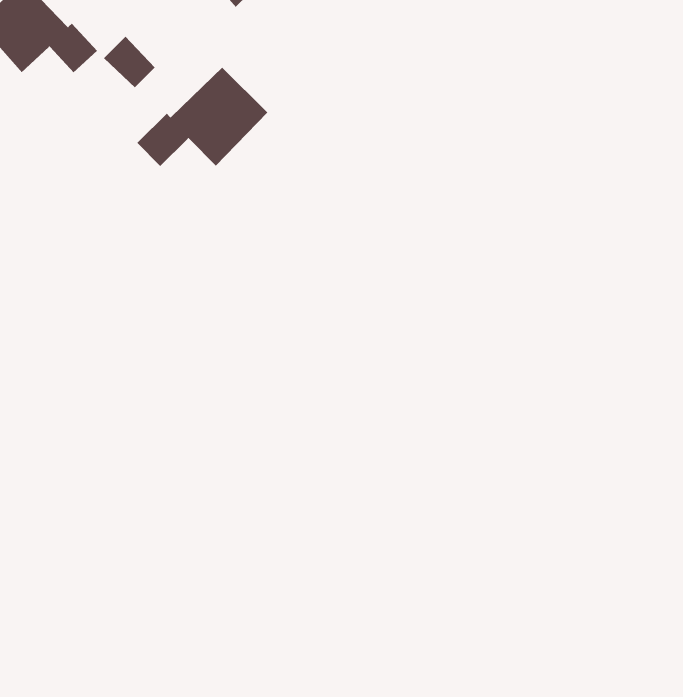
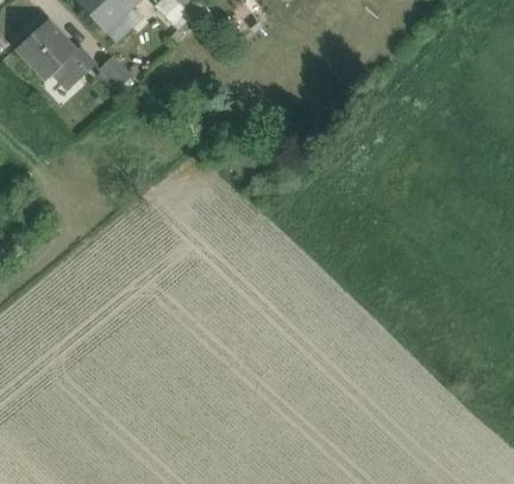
building: [136,67,268,167] -> none

